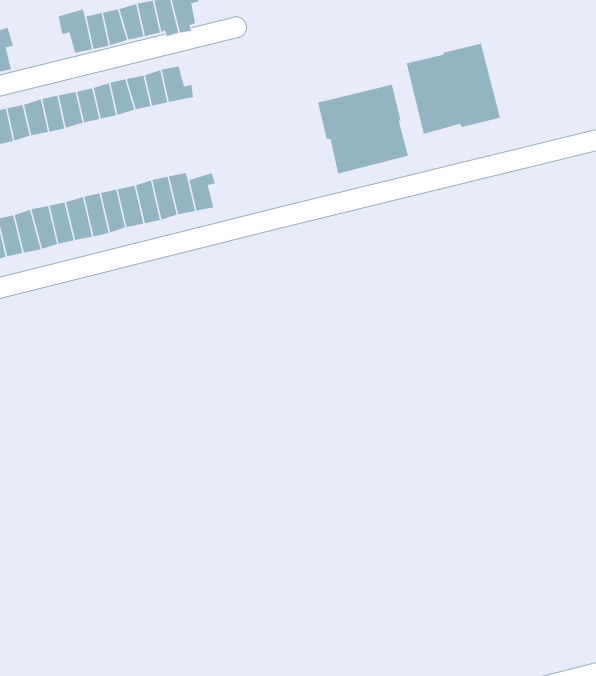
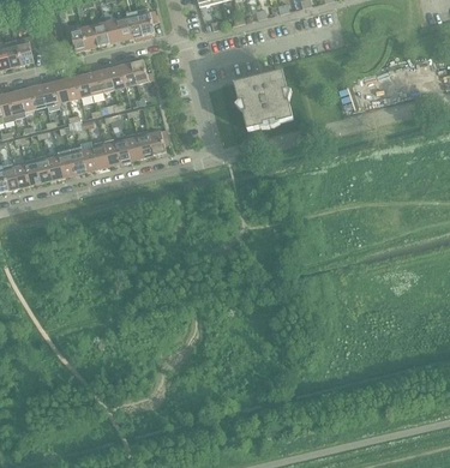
building: [406,43,500,135] -> none

